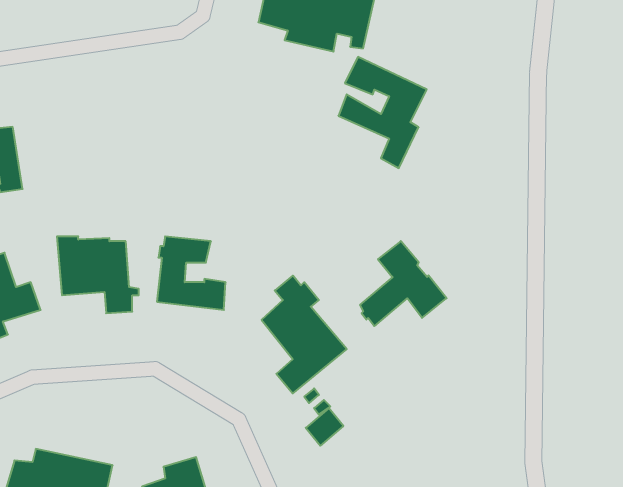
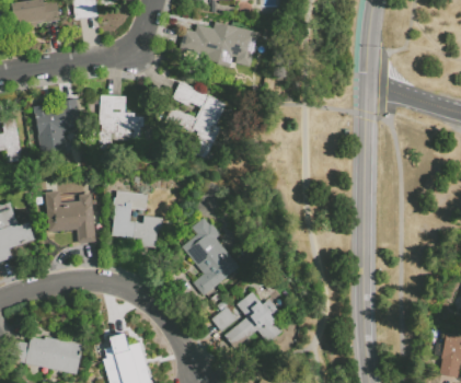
building: [338,57,427,168] -> [166,80,226,154]
building: none -> [97,94,143,149]
building: none -> [33,97,80,151]
building: [360,241,447,326] -> [224,291,283,348]

